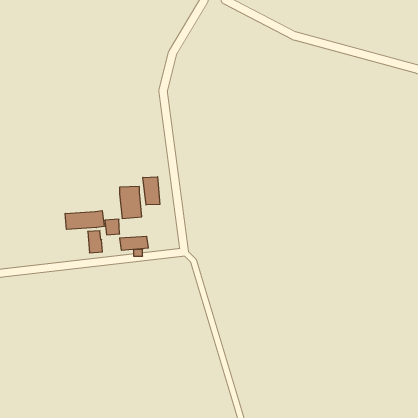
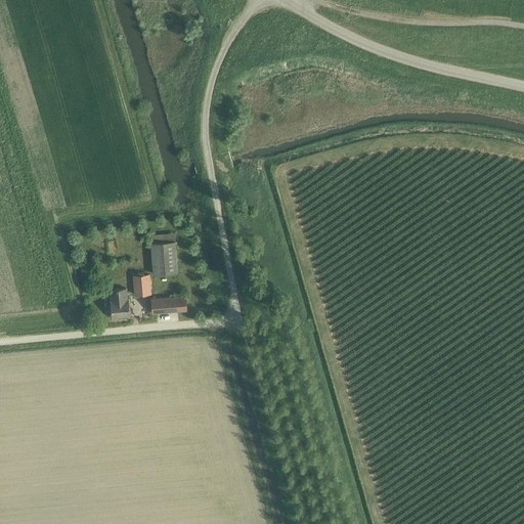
building: [143,177,160,205] -> none
building: [65,211,104,229] -> none

